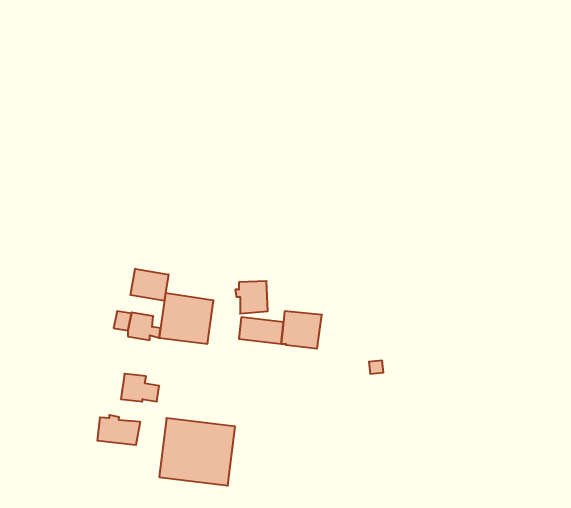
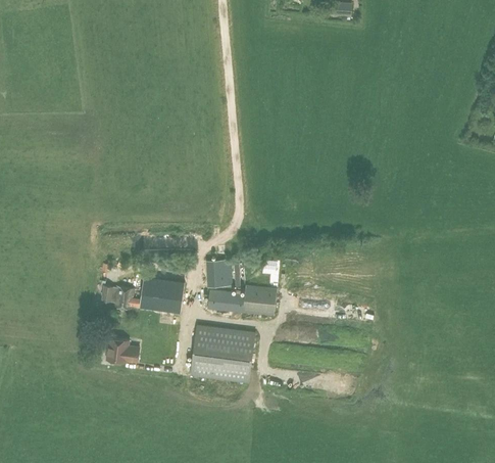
building: [131,269,169,301] -> none
building: [97,415,140,445] -> none
building: [159,418,235,486] -> [190,325,254,382]

